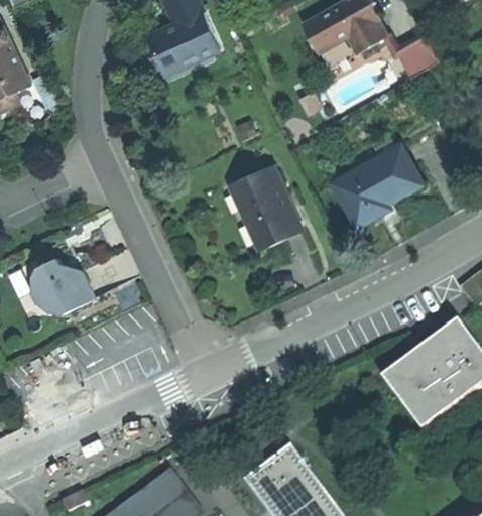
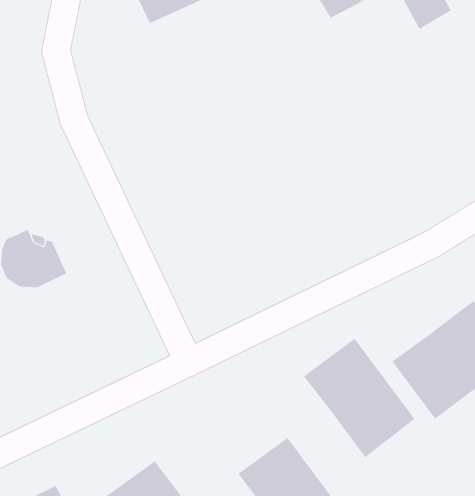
building: [334,146,419,224] -> none
building: [232,165,302,244] -> none
building: none -> [303,338,415,458]

